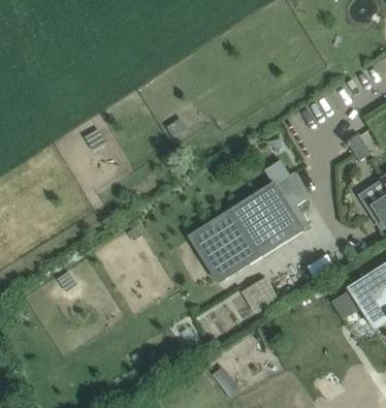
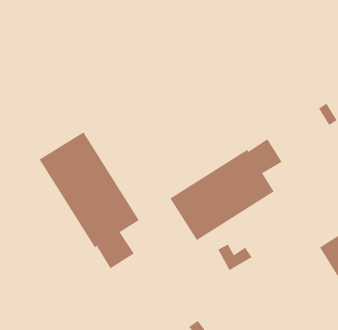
building: none -> [39,131,140,269]

